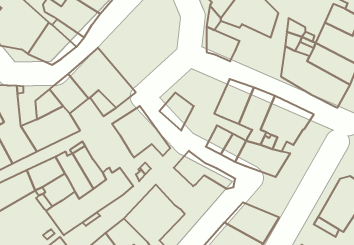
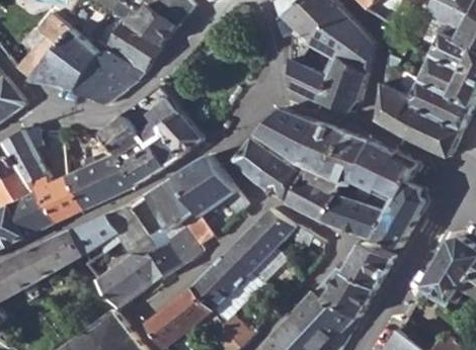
building: none -> [316,59,365,111]
building: none -> [255,107,315,163]
building: none -> [124,144,164,183]
building: none -> [257,154,299,200]
building: none -> [143,175,196,230]
building: none -> [371,181,423,249]
building: none -> [227,228,271,272]
building: none -> [331,242,392,287]

